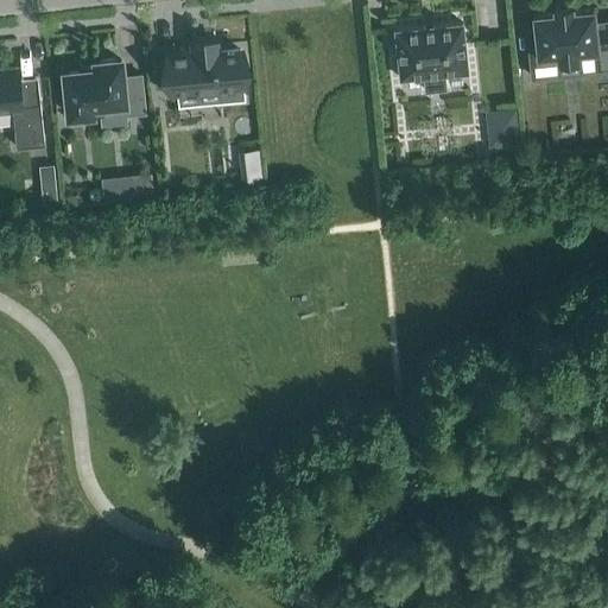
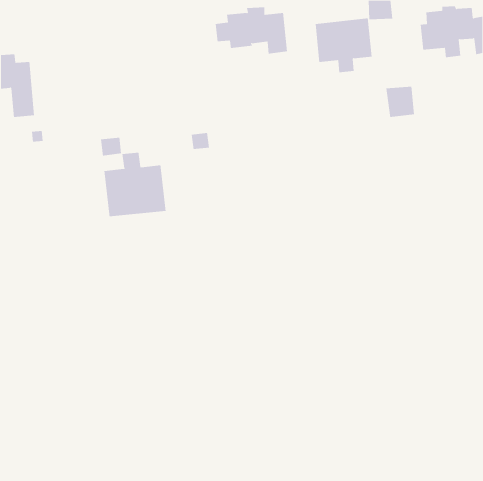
building: [153,46,245,106] -> [215,7,288,54]
building: [64,61,145,119] -> none
building: none -> [104,152,166,217]

